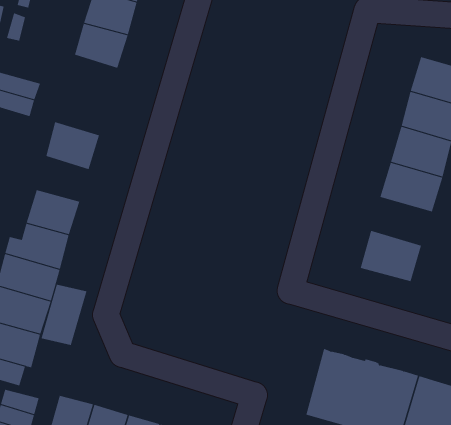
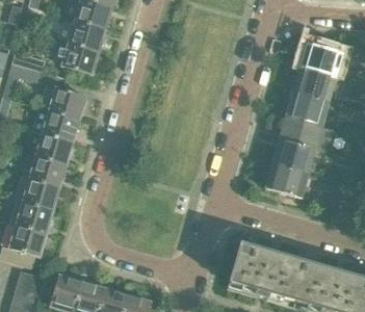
building: none -> [61,40,99,73]
building: none -> [32,106,79,140]
building: none -> [272,137,315,171]
building: [41,284,87,346] -> none

